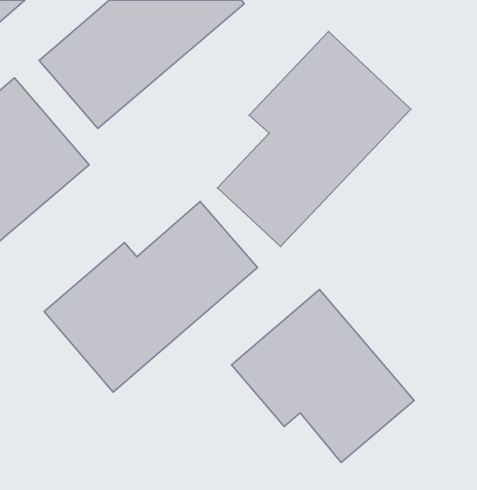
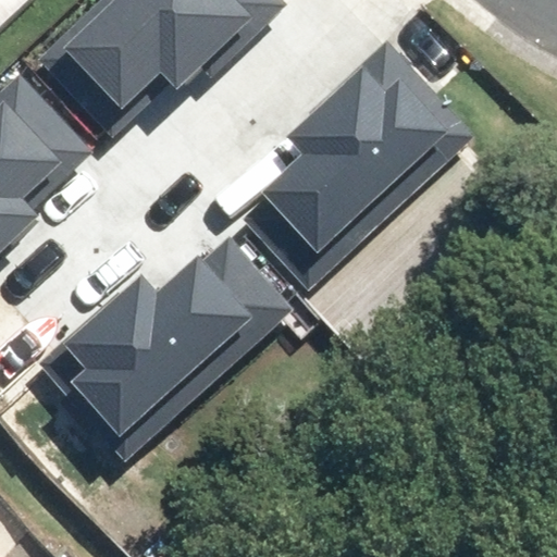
building: [232,289,414,463] -> none

